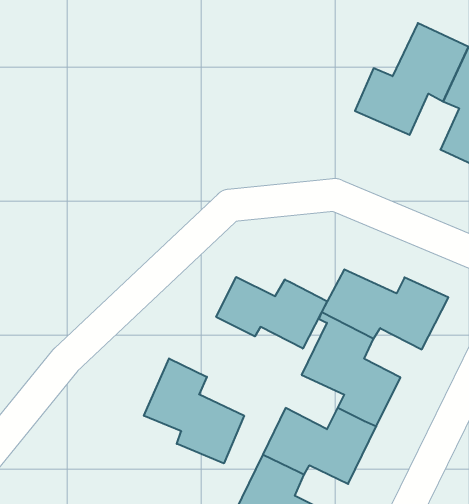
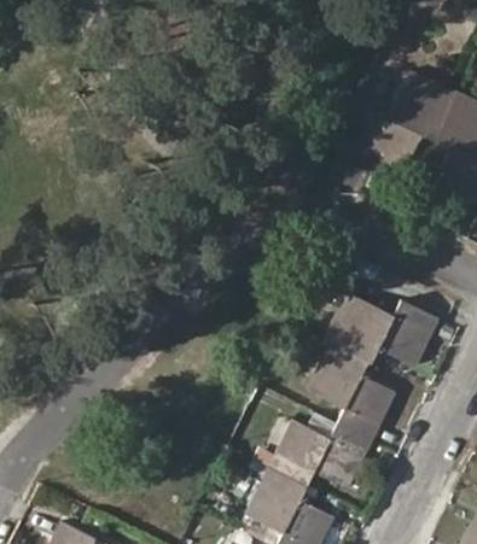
building: [216,277,327,349] -> none
building: [144,358,244,463] -> none

